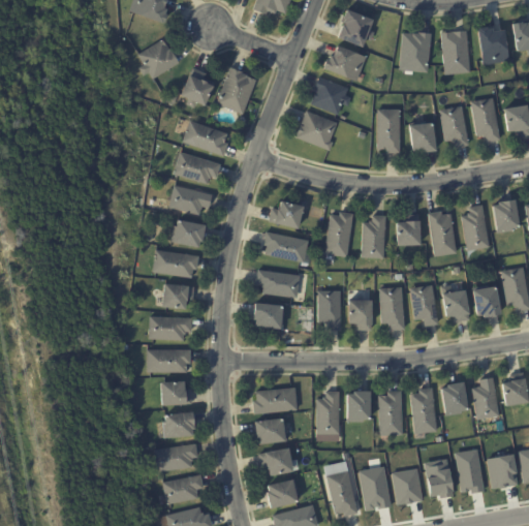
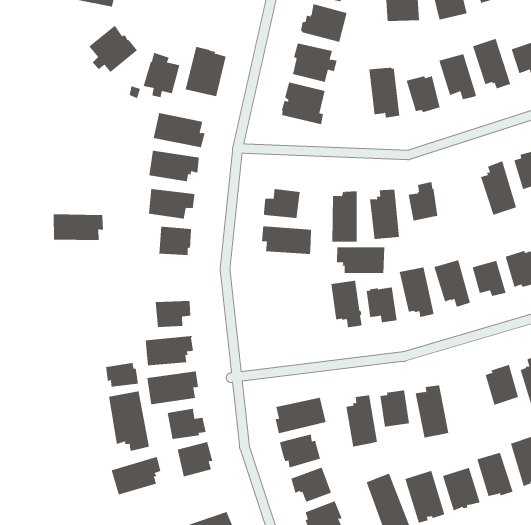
building: [429,210,458,255] -> none
building: [152,248,198,277] -> [53,214,104,240]
building: [256,269,301,298] -> [336,247,385,273]
building: [253,302,284,329] -> none
building: none -> [106,362,138,388]
building: none -> [108,391,149,451]
building: [411,388,438,433] -> none
building: [154,443,197,472] -> [111,456,161,495]

